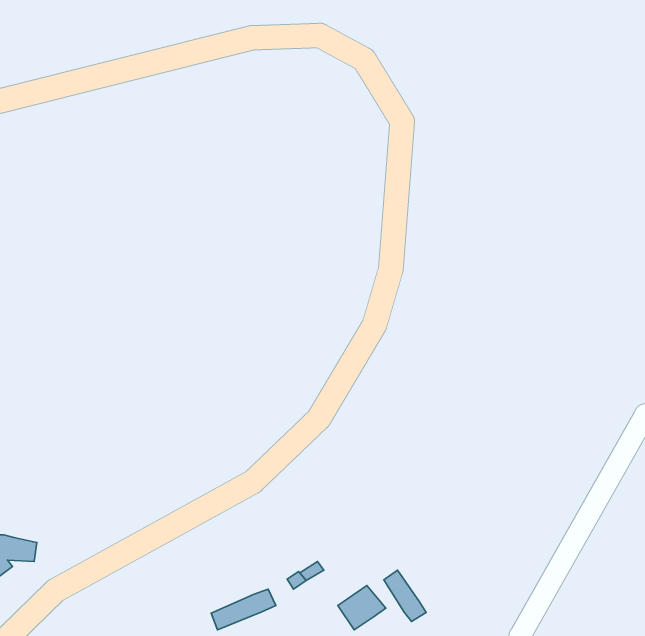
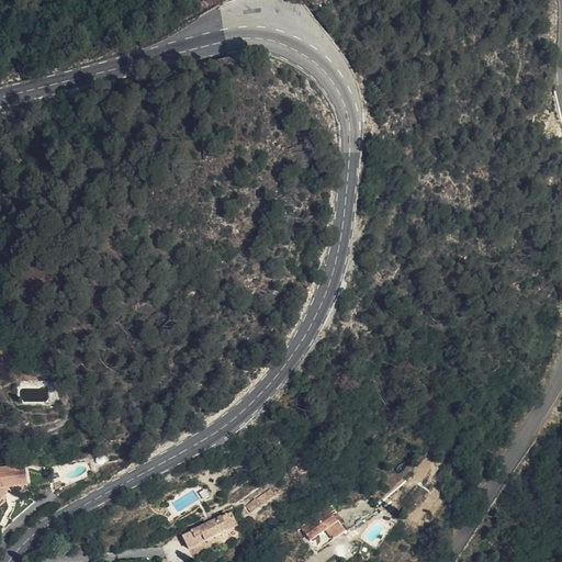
building: [384,570,426,622] -> none

